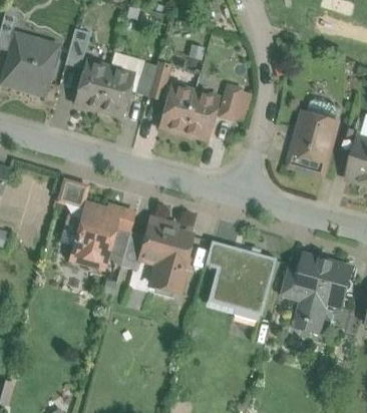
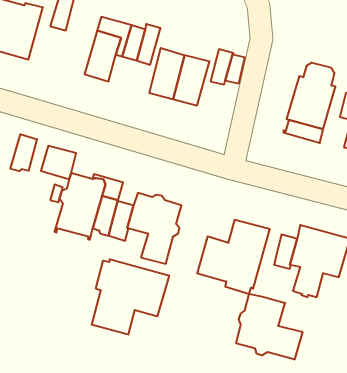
building: [74,61,109,109] -> none
building: none -> [10,134,37,171]
building: [204,241,242,272] -> none
building: none -> [92,259,169,335]
building: none -> [236,294,302,360]

